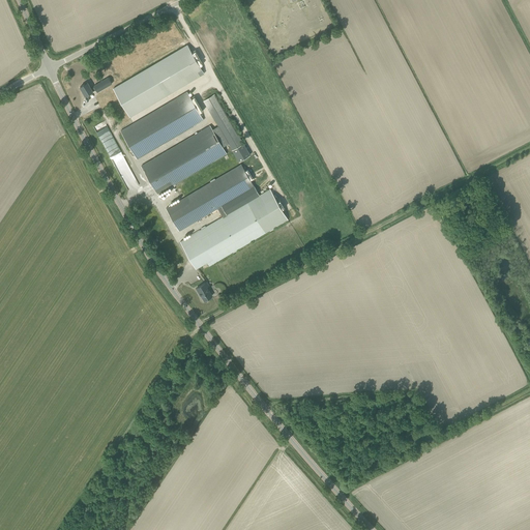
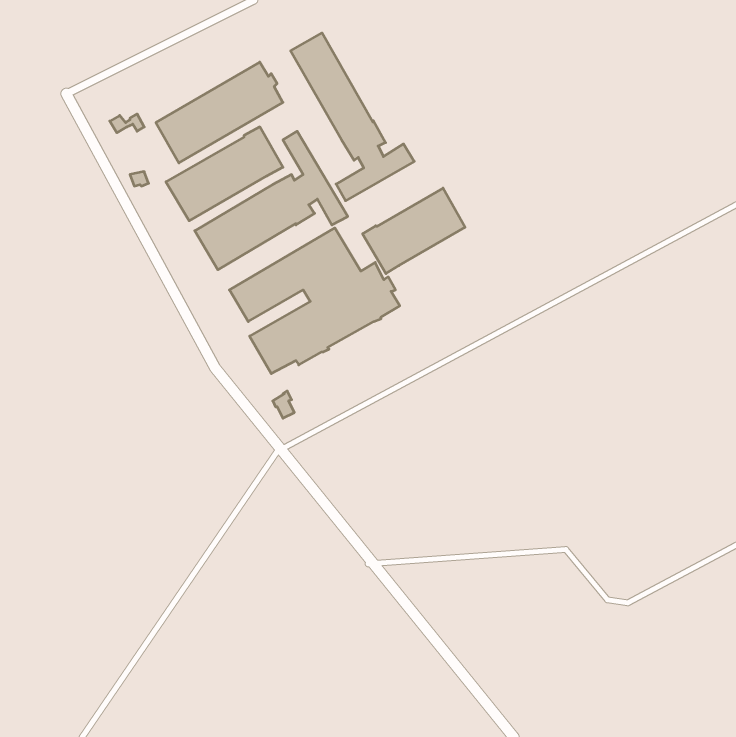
building: none -> [291,33,414,201]
building: none -> [363,188,465,274]

